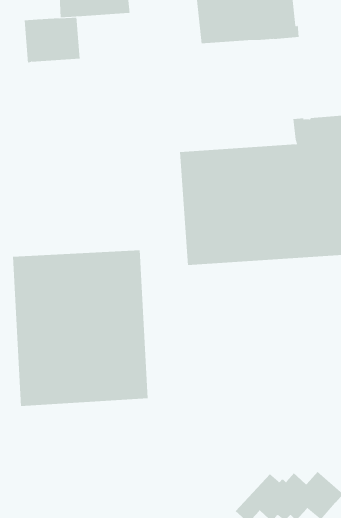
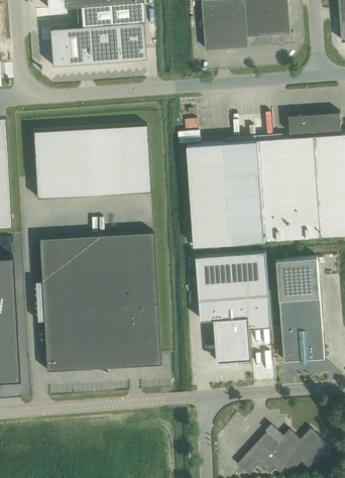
building: none -> [96,23,145,64]
building: none -> [32,126,150,200]
building: none -> [196,252,270,364]
building: none -> [276,258,324,364]

